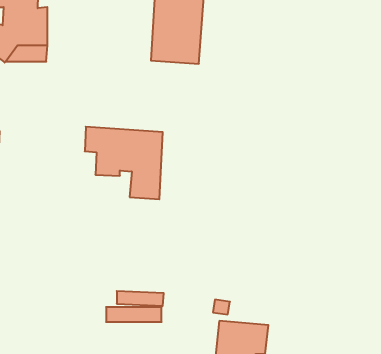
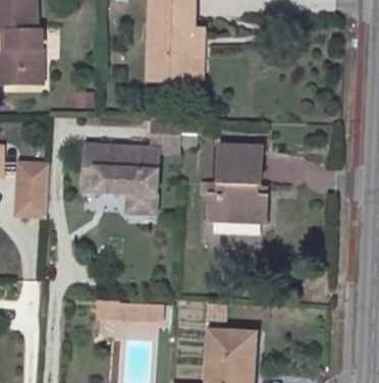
building: none -> [205,145,266,221]
building: none -> [9,156,44,213]

